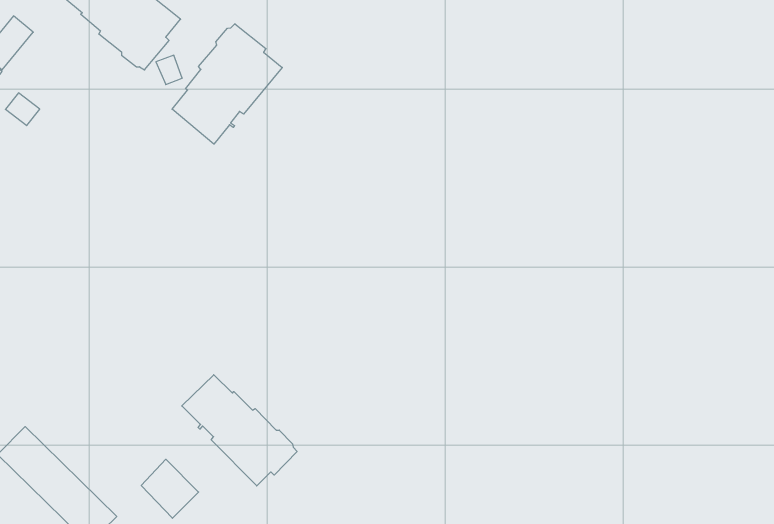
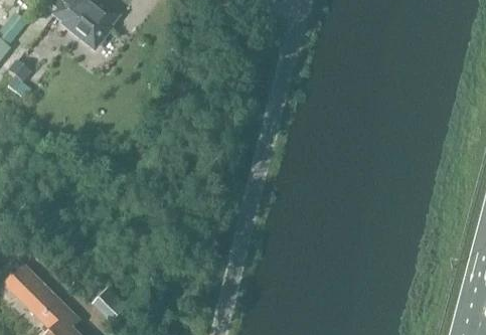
building: [172,24,282,144] -> none
building: [182,375,297,486] -> none

